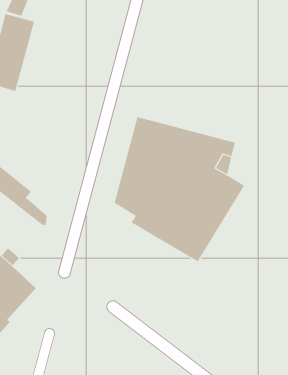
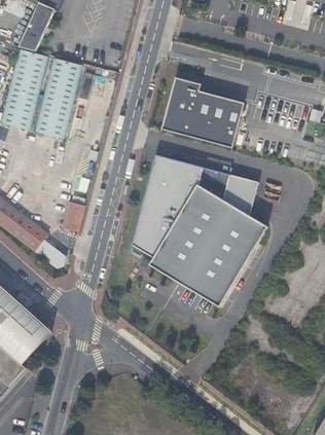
building: none -> [35,57,84,138]
building: none -> [161,70,243,148]
building: none -> [64,202,85,231]

